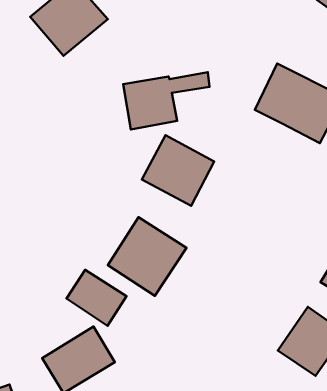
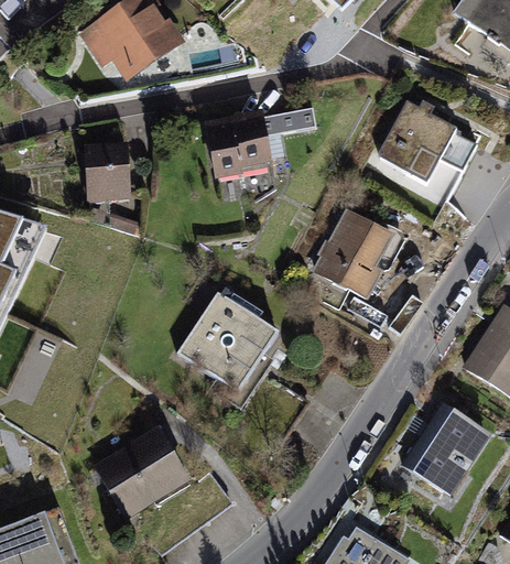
building: none -> [84,147,135,197]
building: [142,135,214,206] -> [312,208,405,300]
building: [67,270,126,326] -> none

